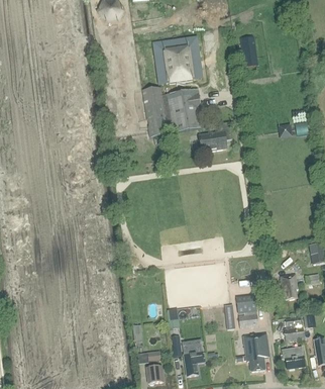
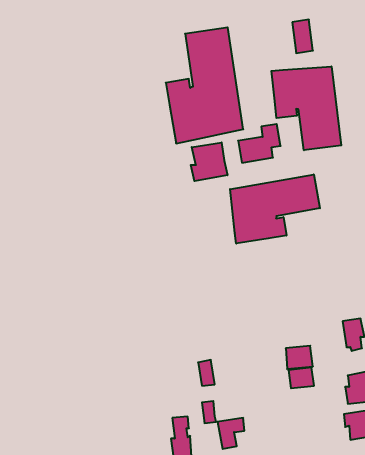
building: none -> [271,66,341,150]
building: none -> [191,142,227,181]
building: none -> [230,174,320,244]
building: [235,332,268,371] -> none

